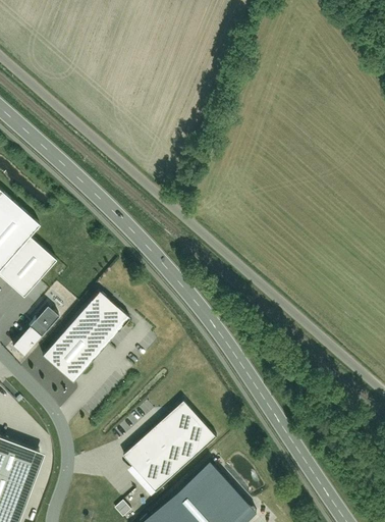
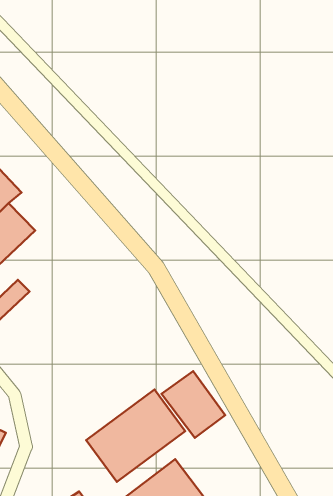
building: [41,296,127,385] -> none
building: none -> [162,371,225,438]

